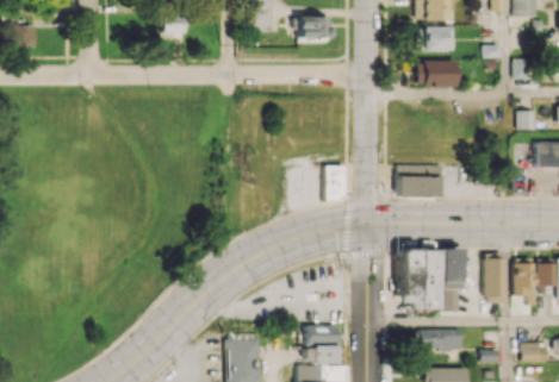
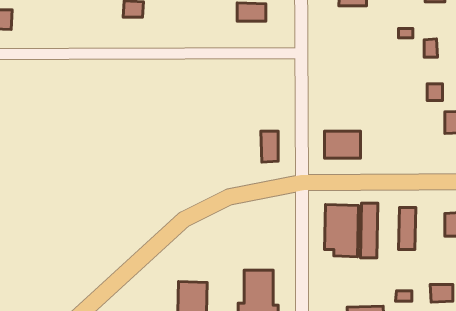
building: [417,27,451,50] -> none
building: [418,61,458,87] -> none
building: [515,258,536,305] -> none
building: [418,330,462,351] -> none

